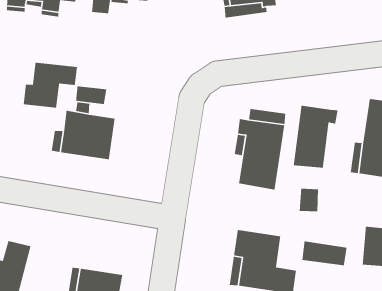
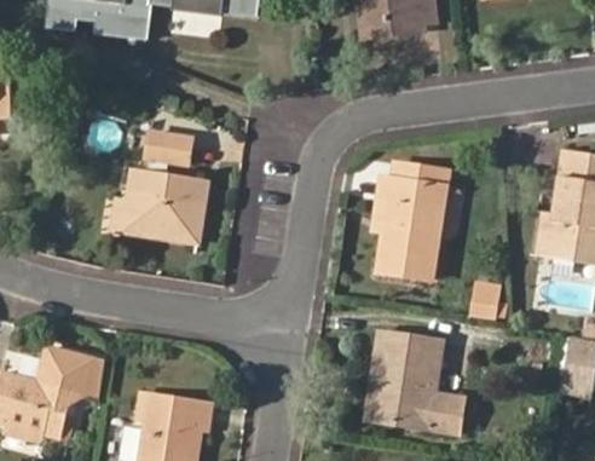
building: [23,62,78,108] -> none
building: [293,105,339,169] -> none
building: [301,240,348,266] -> none

